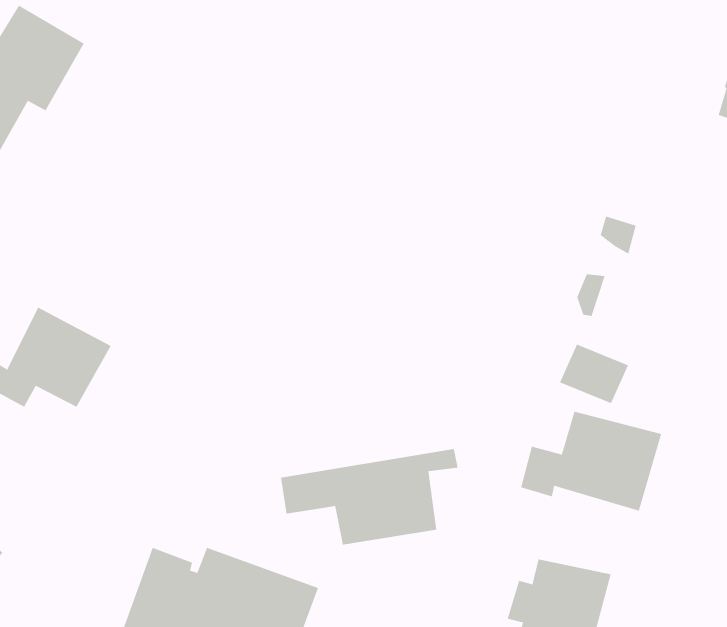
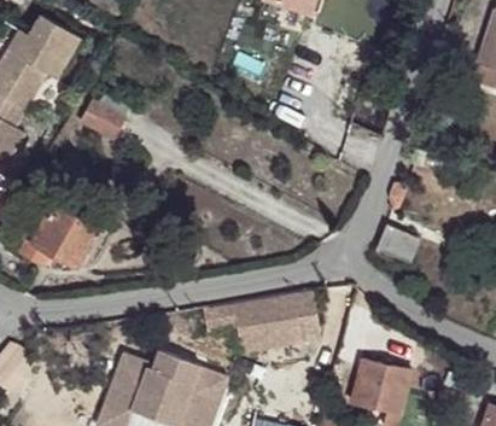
building: none -> [78,92,129,139]
building: [520,411,662,512] -> none

